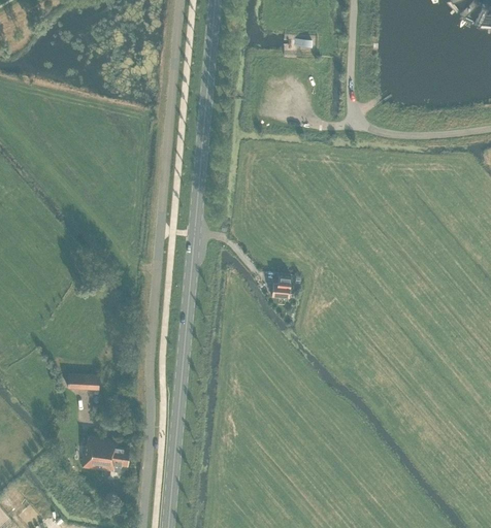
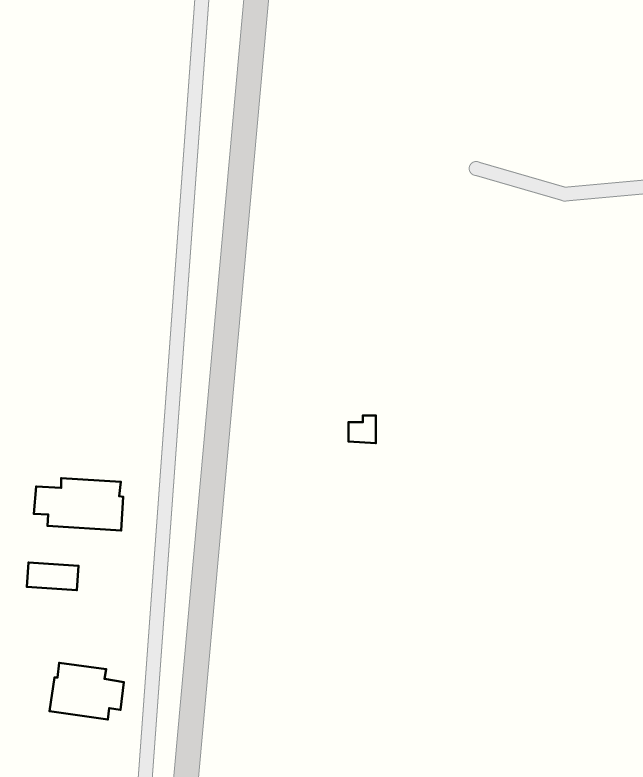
building: none -> [34,478,123,531]

